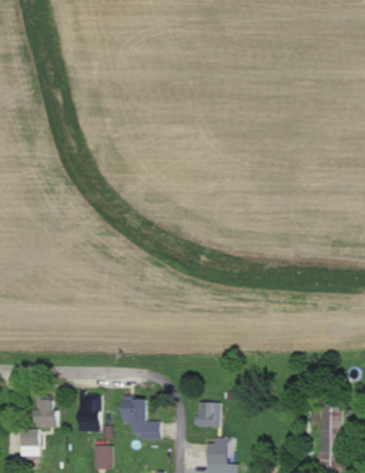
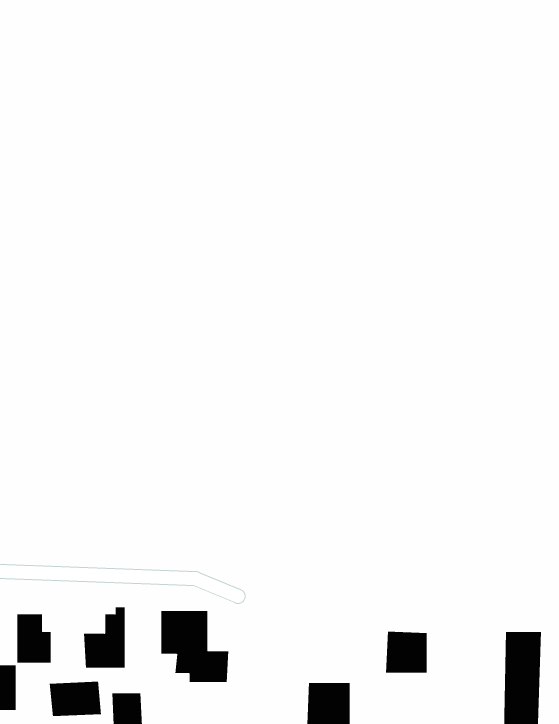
building: [194,401,219,426] -> [385,631,428,673]
building: none -> [49,681,102,717]

